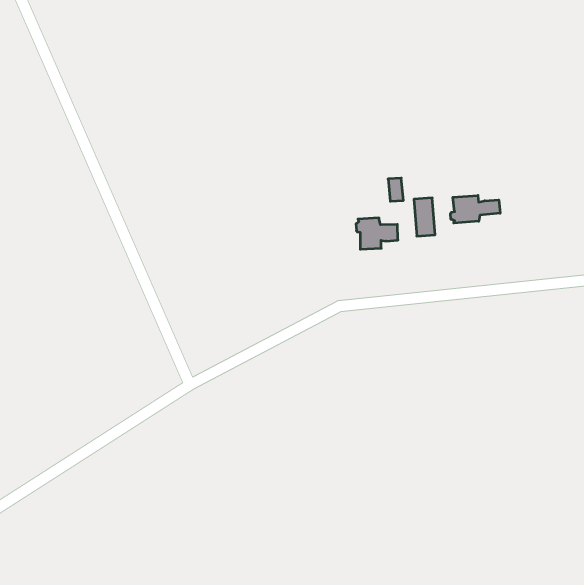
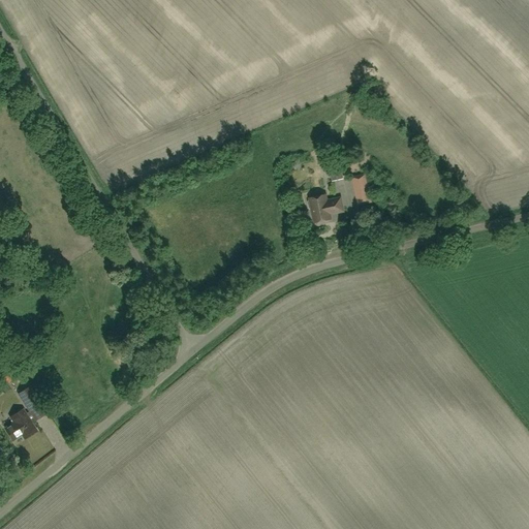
building: [451,195,500,223] -> none

